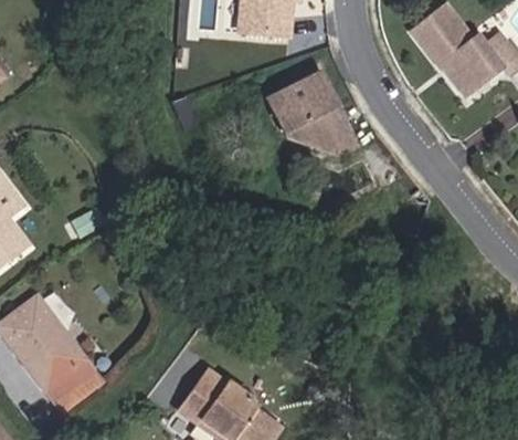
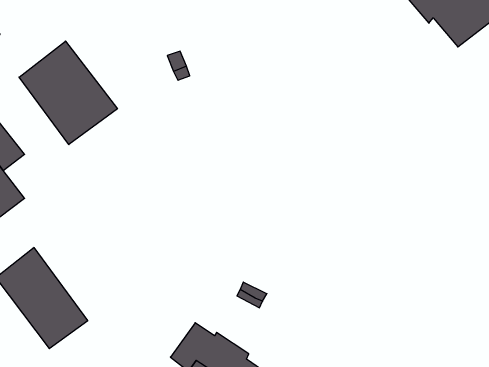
building: [269,71,358,151] -> none
building: none -> [19,41,117,145]

